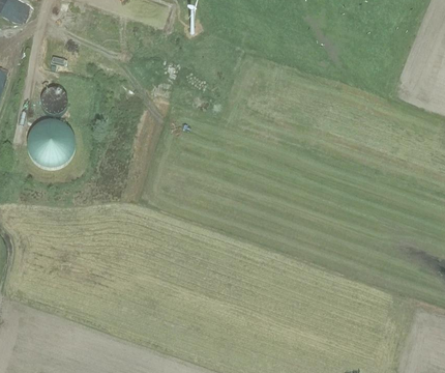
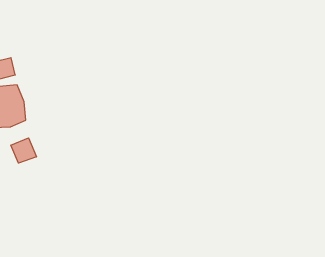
building: none -> [11,138,36,163]

